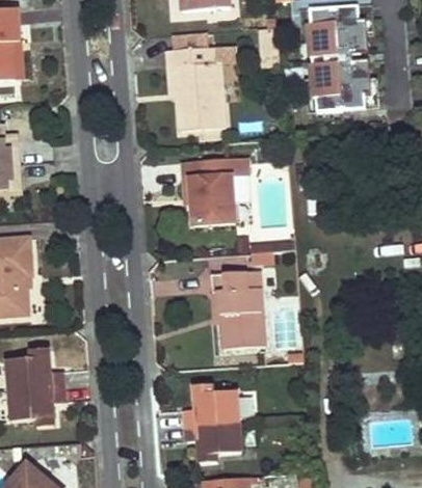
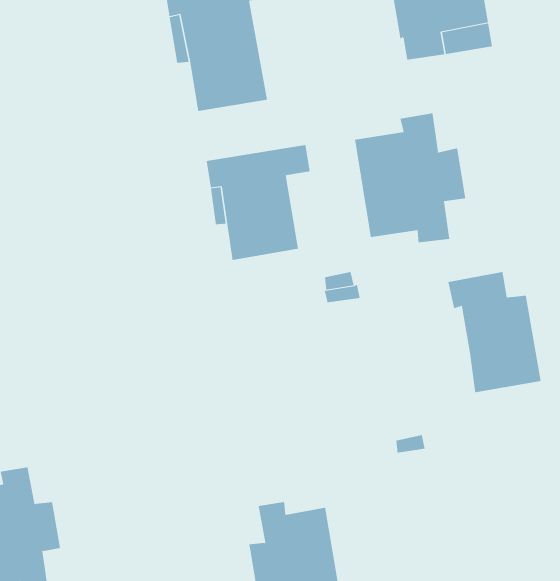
building: none -> [354,113,466,243]
building: [210,271,264,347] -> [447,272,542,393]

